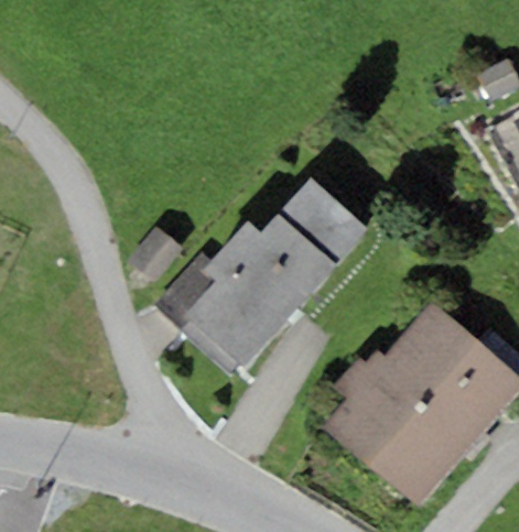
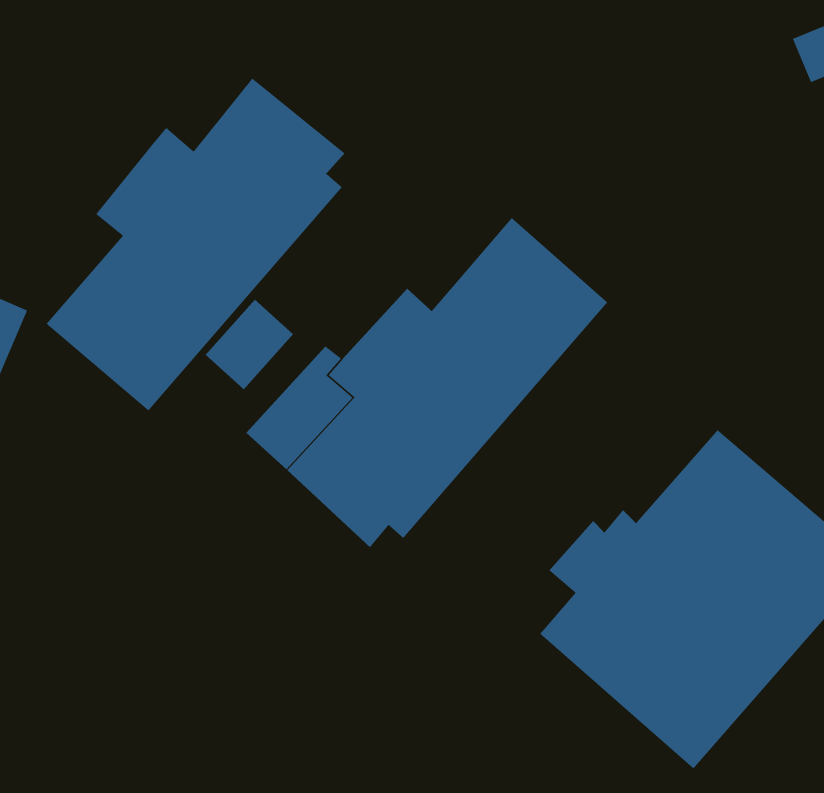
building: none -> [45,77,346,412]

